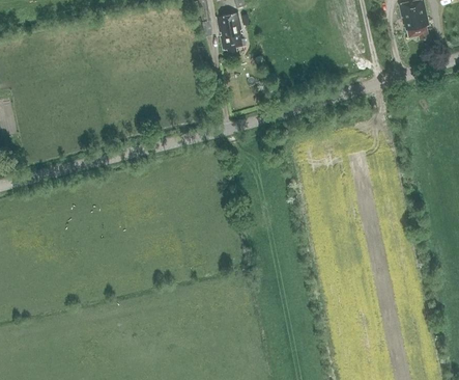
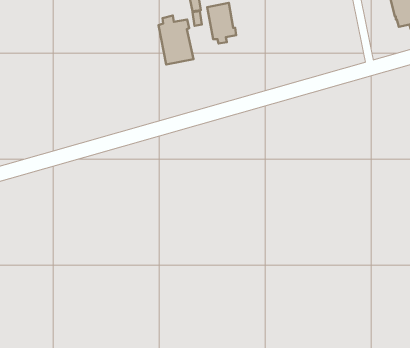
building: none -> [158,16,193,65]

